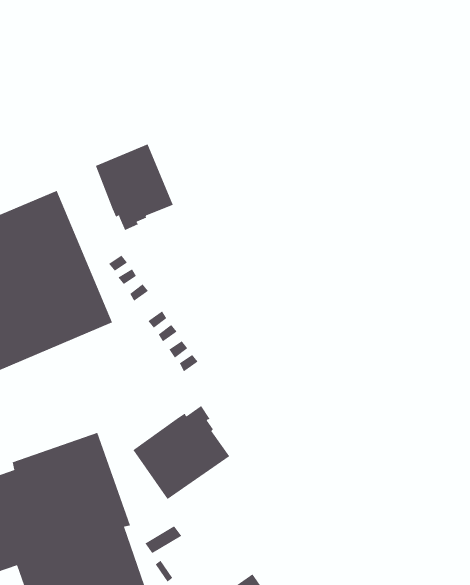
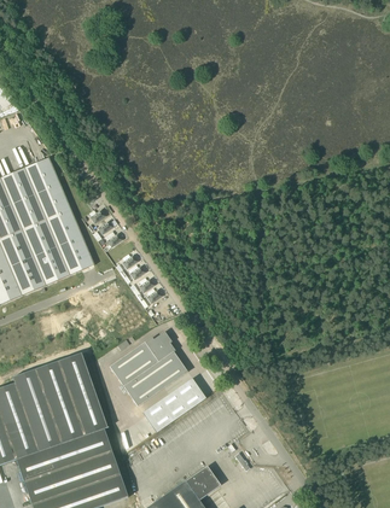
building: [95,144,174,231] -> none
building: none -> [142,378,206,433]

